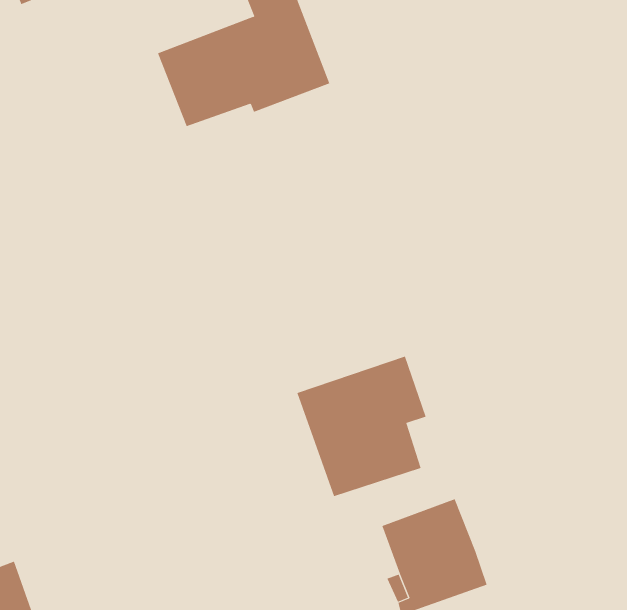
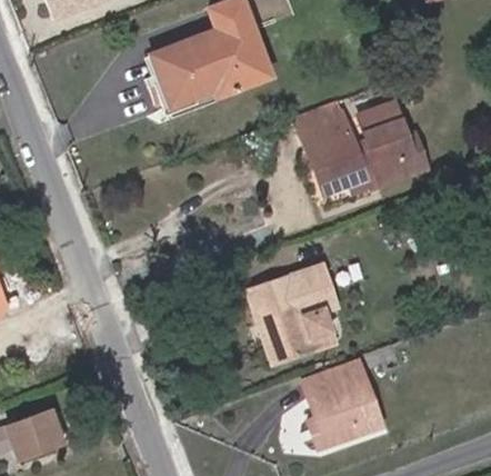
building: none -> [358,100,428,185]
building: none -> [294,102,370,194]

